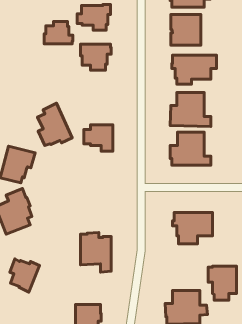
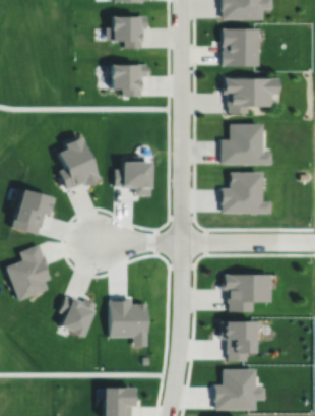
building: [44,22,73,44] -> none
building: [10,259,40,292] -> [60,294,97,335]
building: [208,266,236,300] -> [223,317,257,359]

